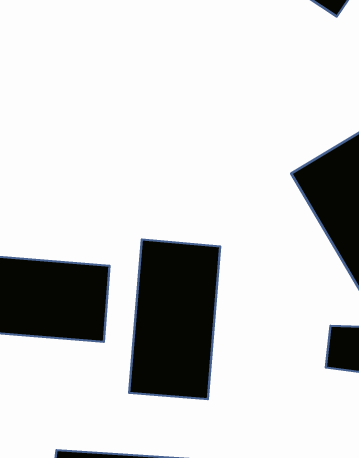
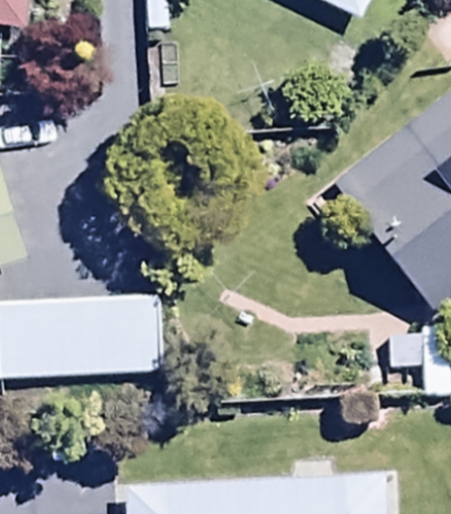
building: [129,240,220,399] -> none

